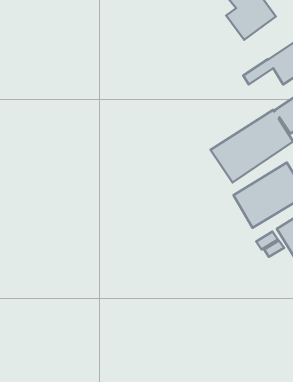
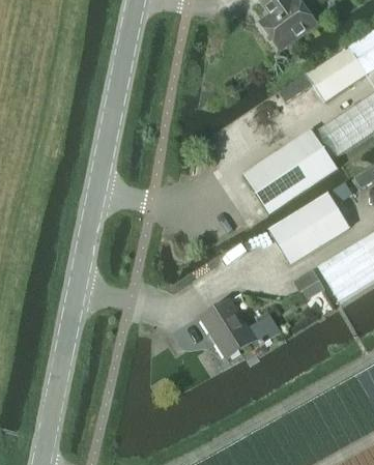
building: none -> [201,299,281,357]

